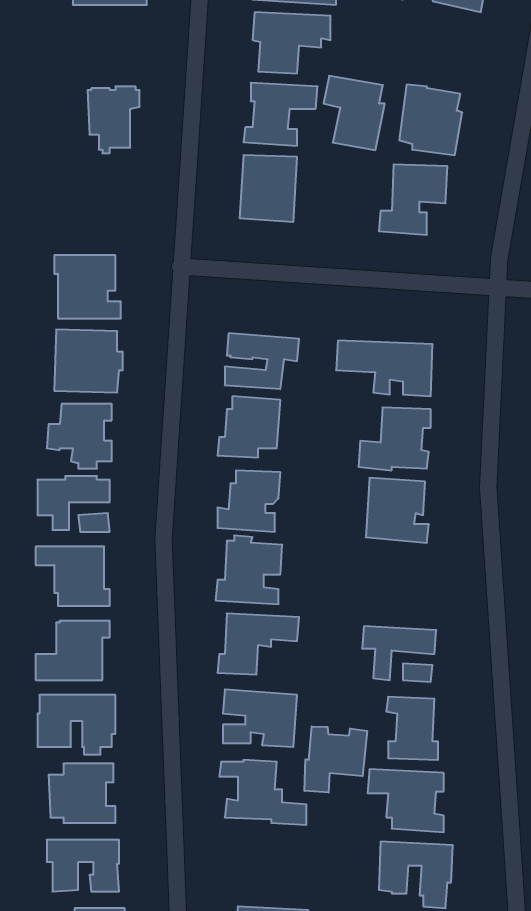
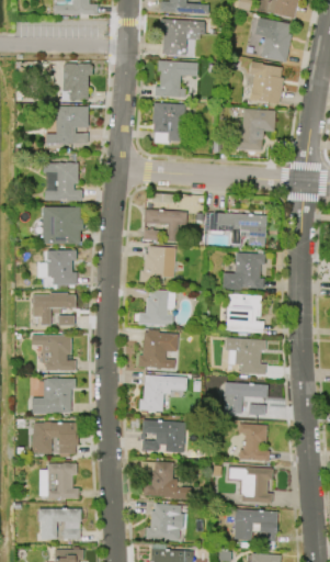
building: [324,76,385,150] -> [255,18,292,61]
building: none -> [44,105,89,144]
building: none -> [225,337,266,374]
building: [304,726,367,793] -> none
building: none -> [146,504,184,541]

